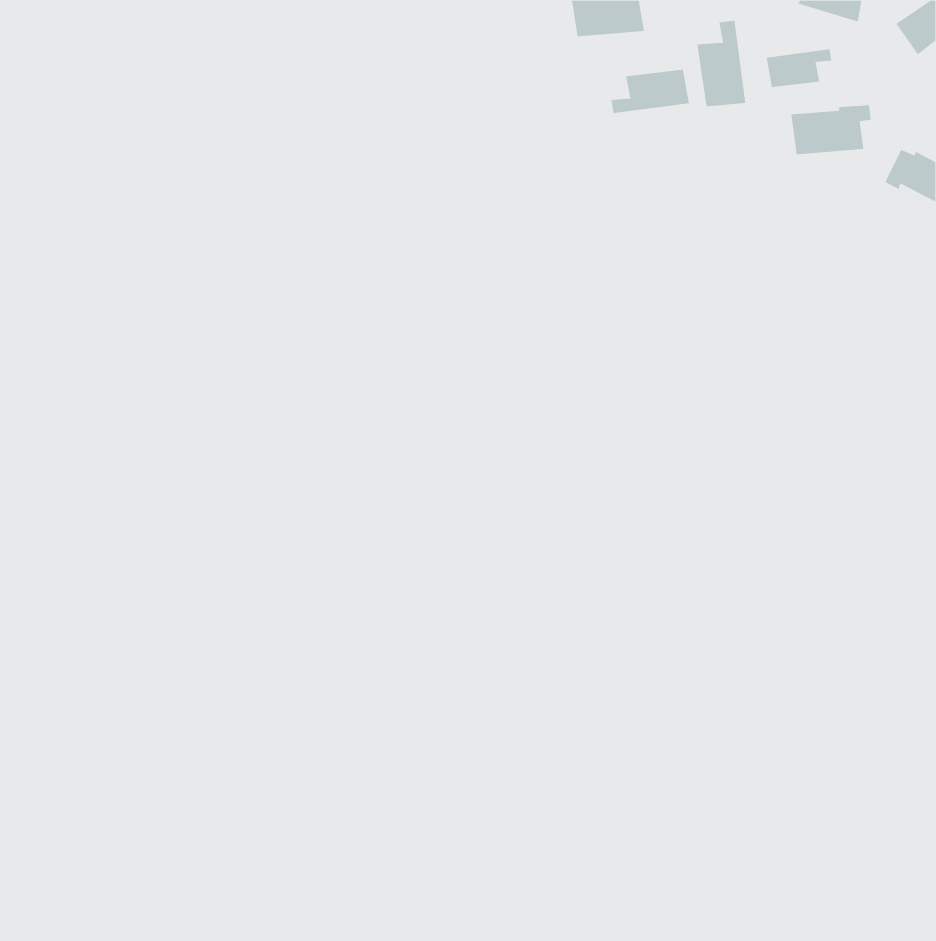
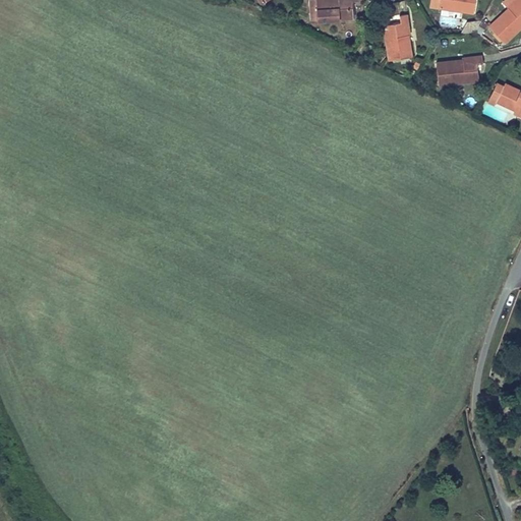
building: [766,49,832,88] -> none
building: [611,69,689,114] -> none

